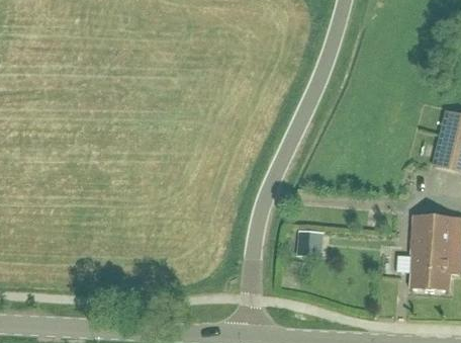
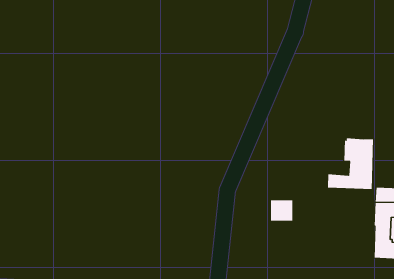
building: none -> [328,137,374,190]

